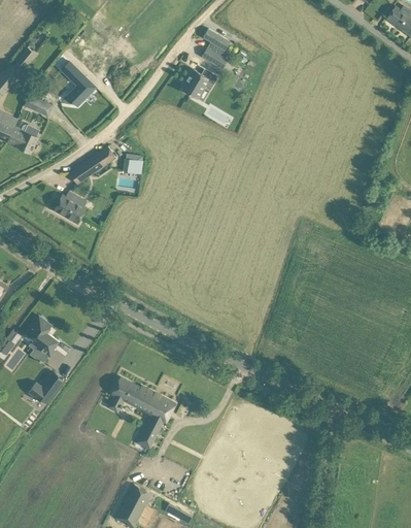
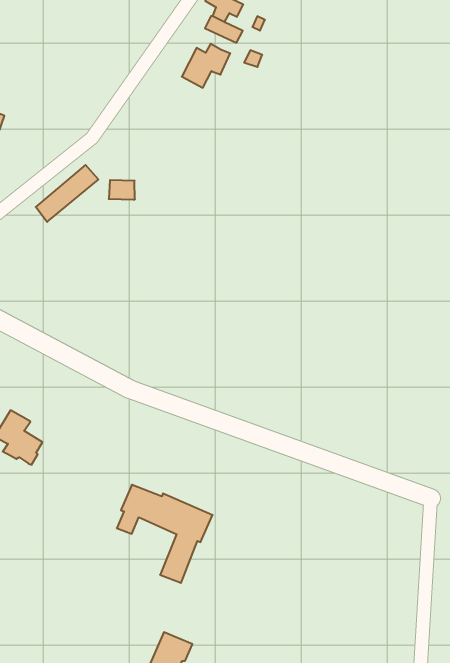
building: [62,61,96,105] -> none
building: [54,193,87,223] -> none
building: [29,371,64,403] -> none

